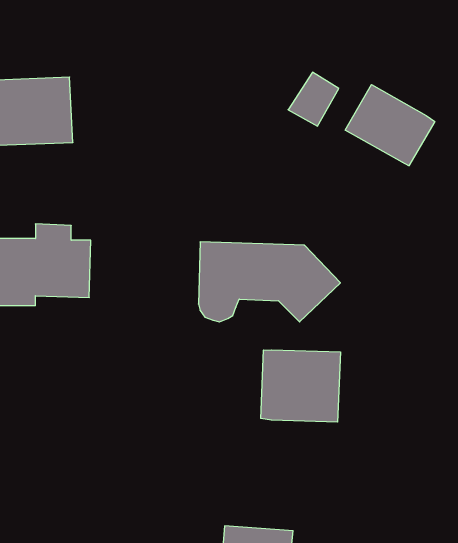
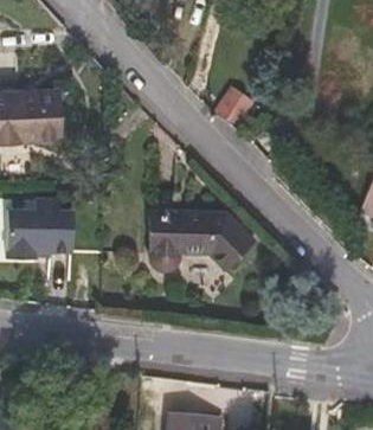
building: [345,85,435,166] -> none
building: [261,350,340,422] -> none

